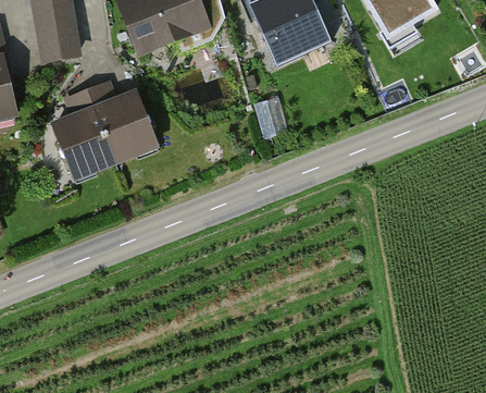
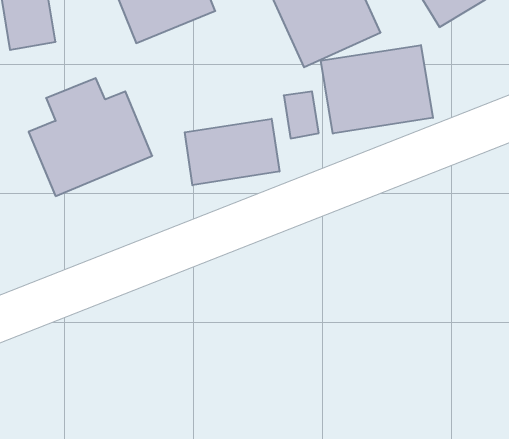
building: none -> [321,45,433,134]
building: none -> [185,119,279,185]

